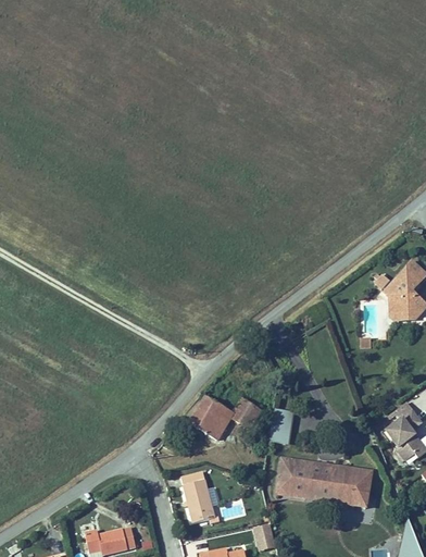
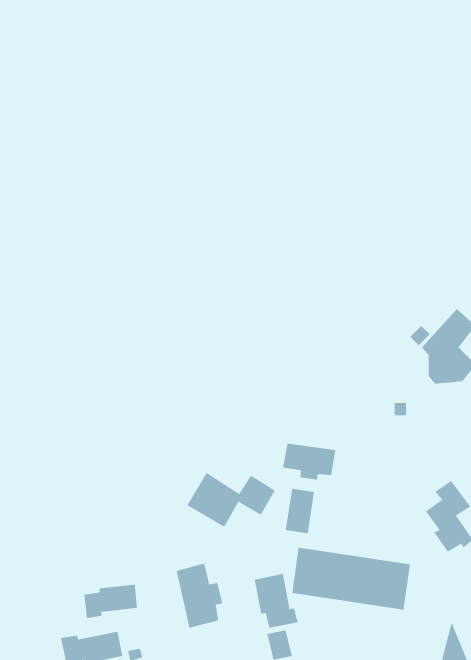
building: none -> [283,443,336,481]
building: none -> [254,573,298,629]
building: none -> [84,584,138,619]

